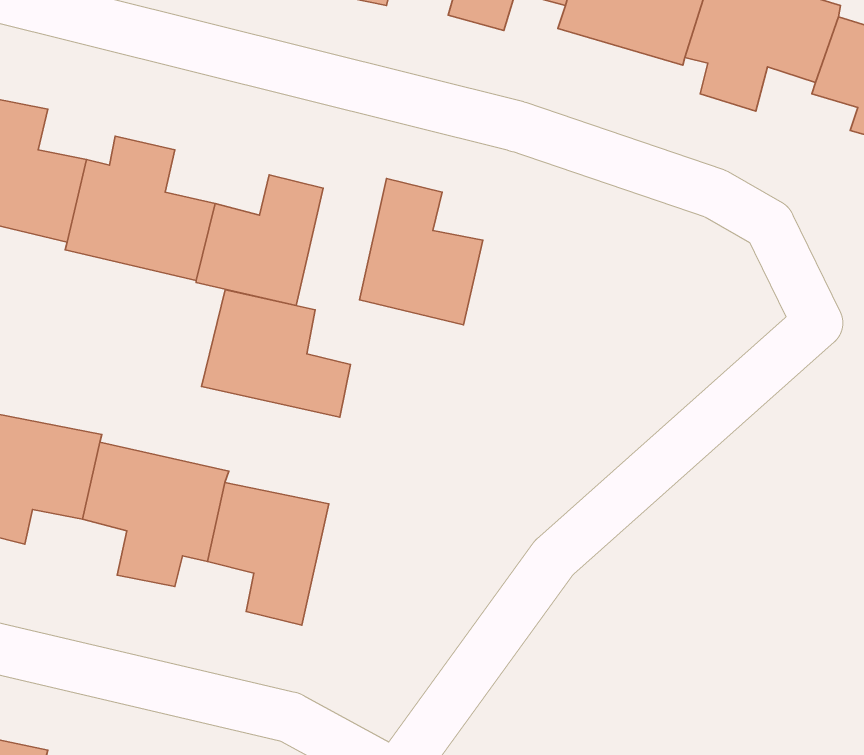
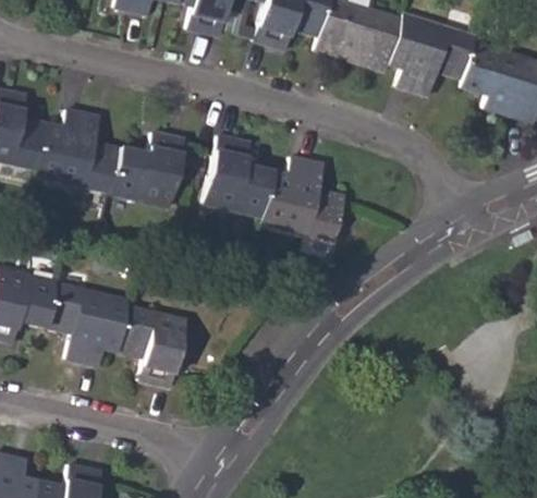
building: none -> [263,158,345,240]
building: [201,290,350,417] -> none

